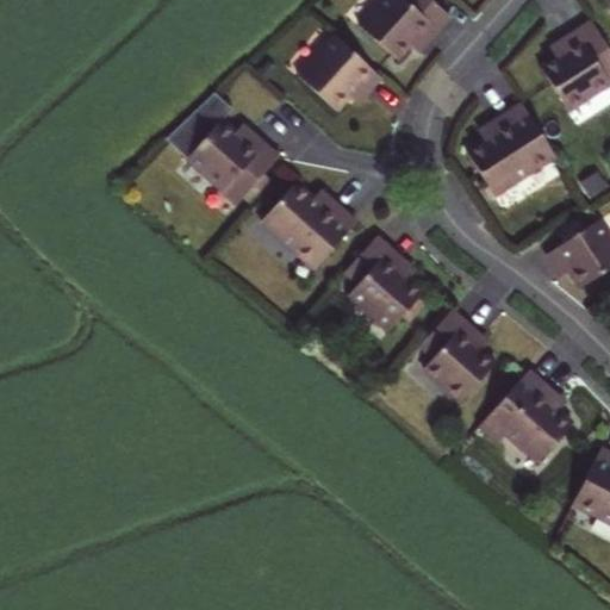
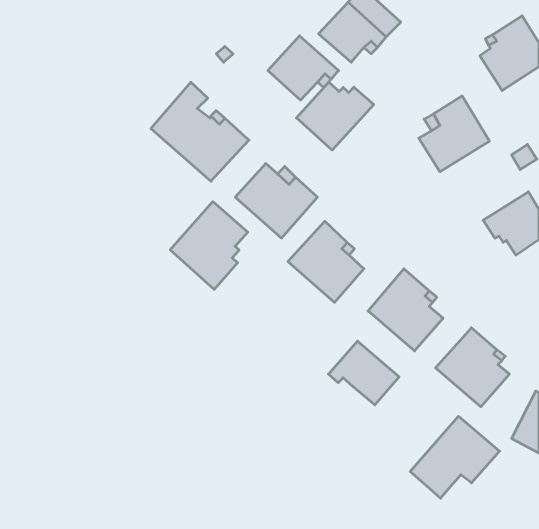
building: none -> [296,82,374,150]
building: none -> [170,202,248,289]
building: none -> [328,341,399,405]
building: none -> [410,416,500,498]

